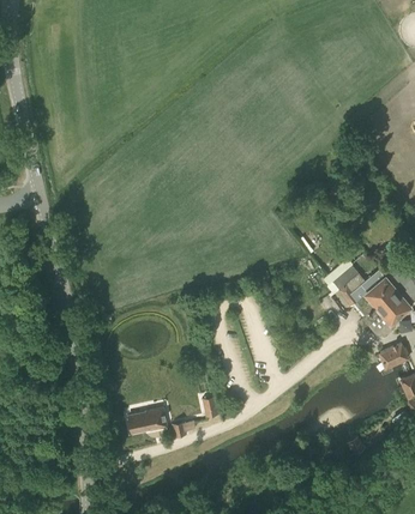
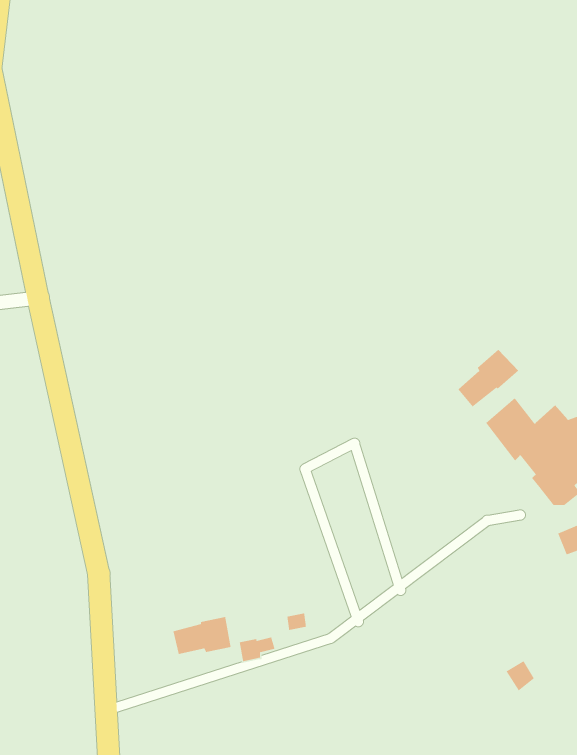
building: none -> [457,349,519,408]

